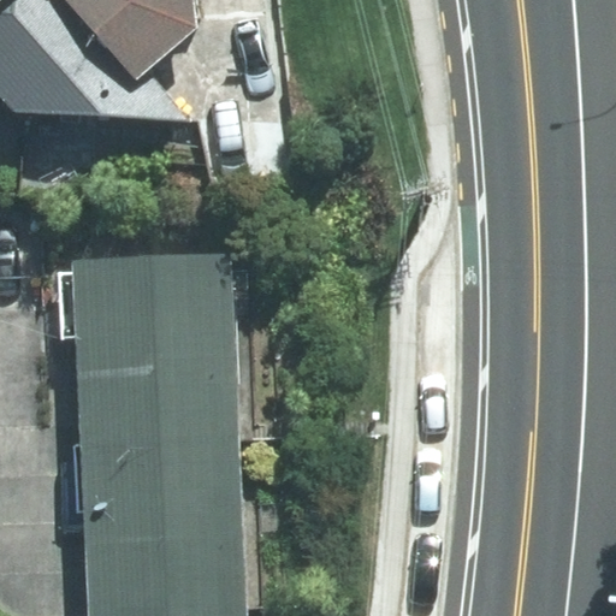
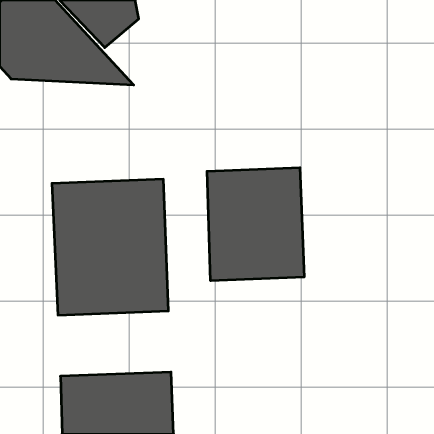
building: none -> [207,168,304,281]
building: [82,440,242,533] -> none

